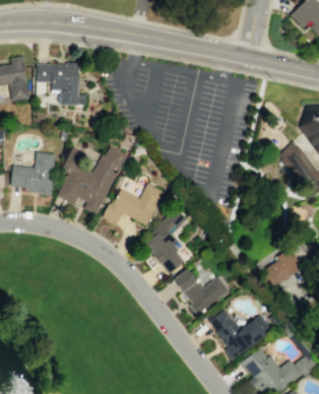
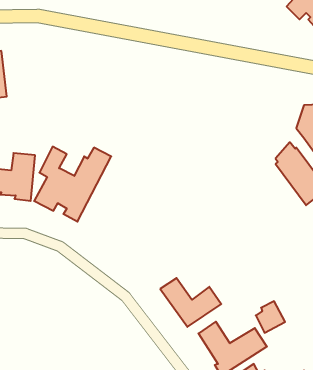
building: [38,62,80,106] -> none
building: [102,183,166,227] -> none
building: [141,206,189,273] -> none
building: [274,253,302,282] -> [256,301,285,333]

